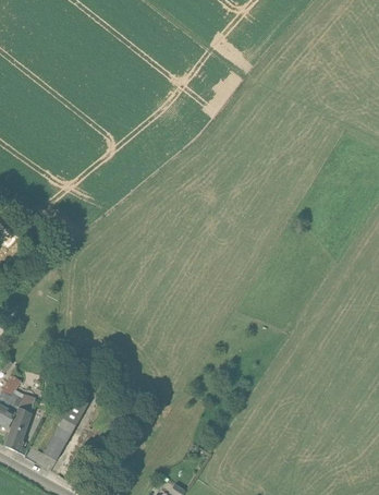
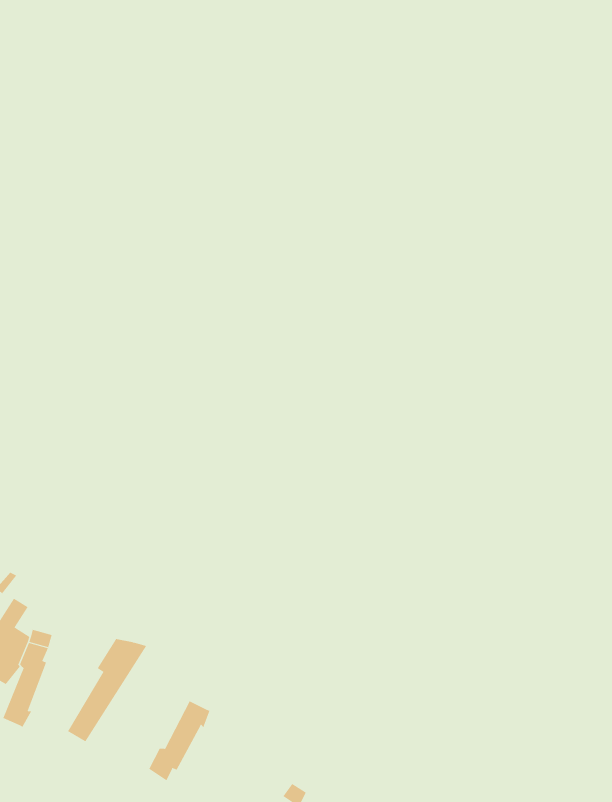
building: none -> [149,701,210,781]

